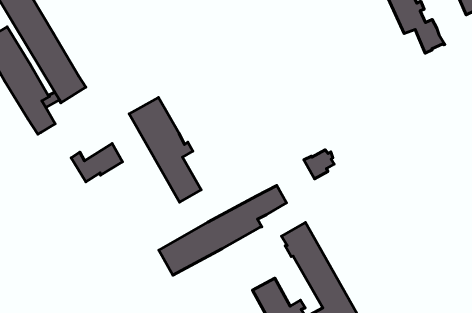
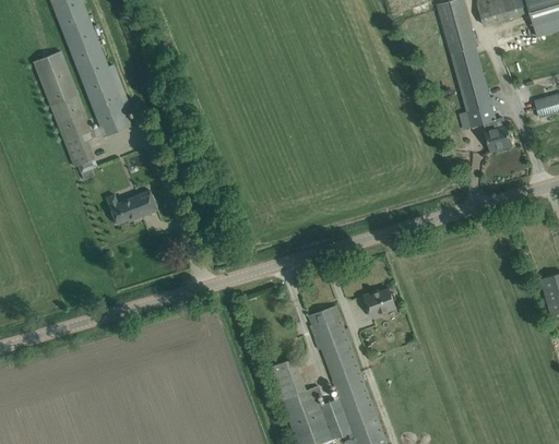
building: [129,98,201,202] -> none
building: [304,150,334,179] -> [365,289,395,317]
building: [159,186,286,275] -> none

